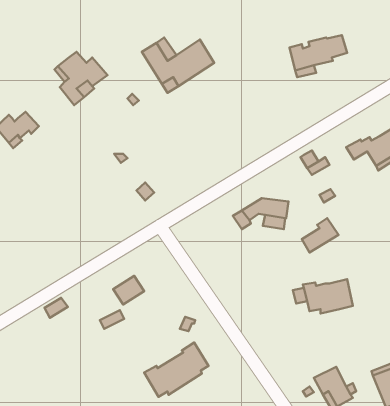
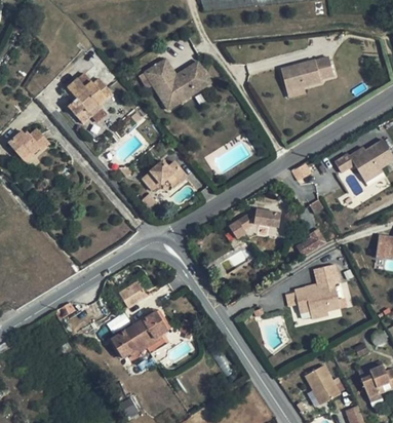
building: none -> [142,160,188,190]
building: none -> [313,264,340,287]
building: [144,343,209,397] -> [109,308,168,358]

